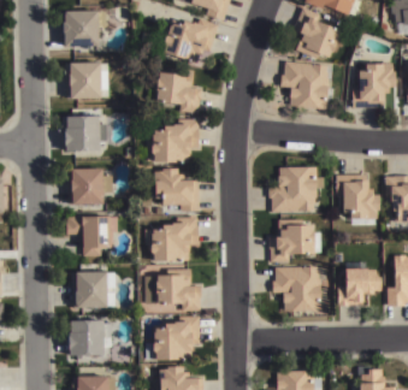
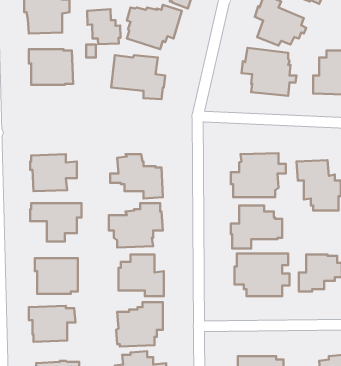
building: none -> [87,9,120,44]
building: [61,114,107,150] -> none
building: [152,118,200,161] -> none

